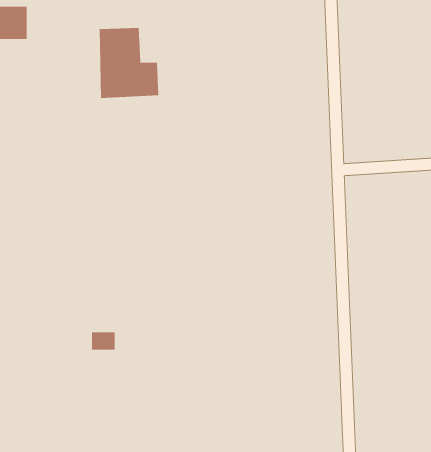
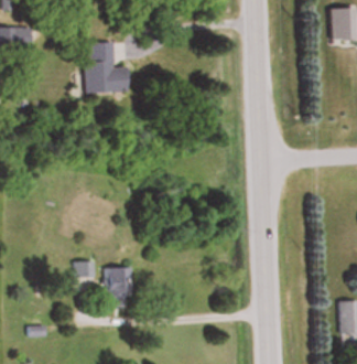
building: none -> [107,268,133,307]

